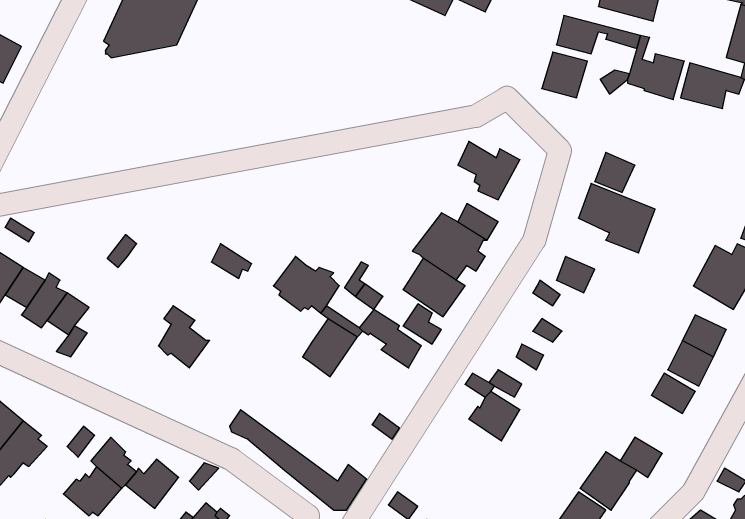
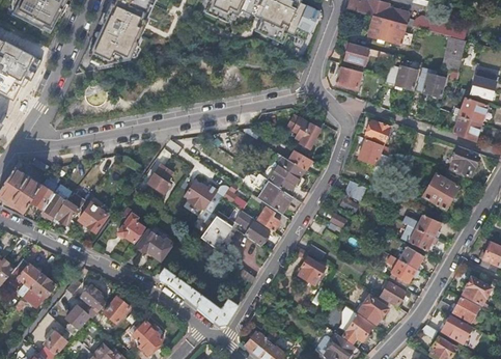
building: none -> [79,201,107,229]
building: none -> [136,227,171,259]
building: none -> [386,254,416,287]

